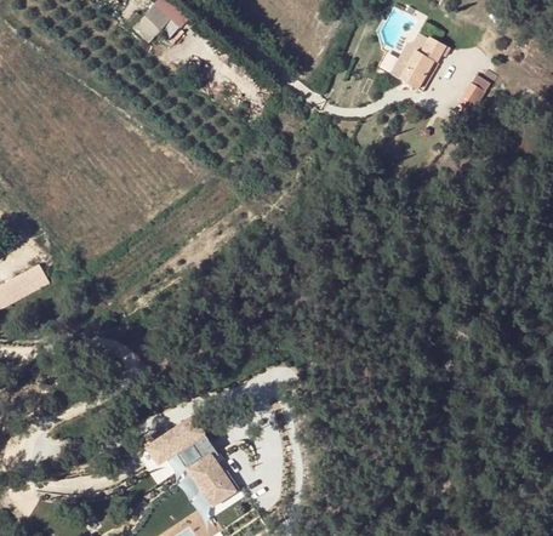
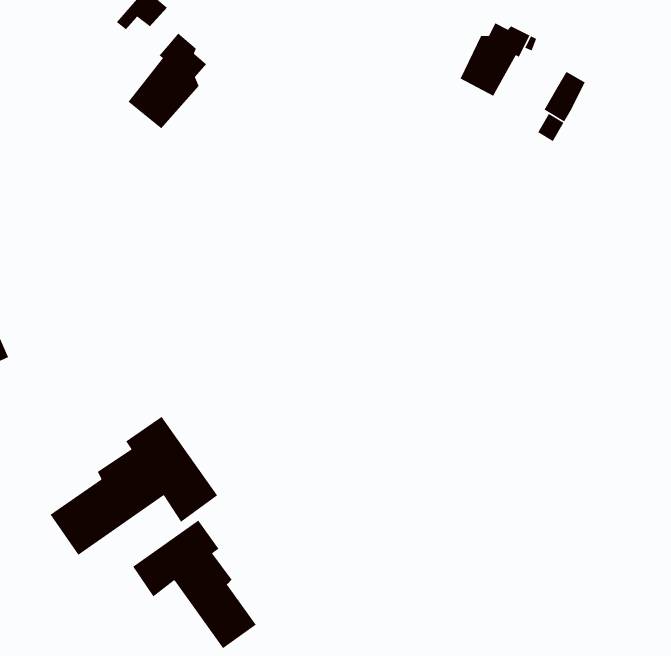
building: none -> [128,33,207,129]
building: none -> [49,416,218,556]

